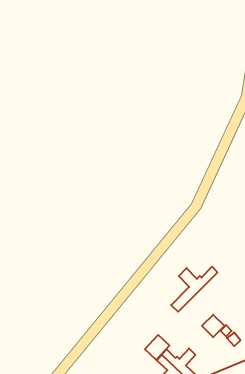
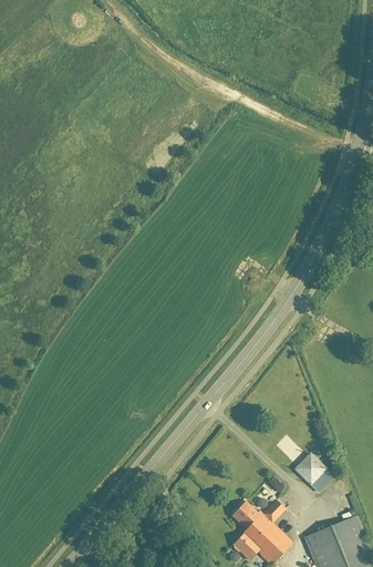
building: [171,267,217,312] -> none
building: [145,335,169,360] -> none

